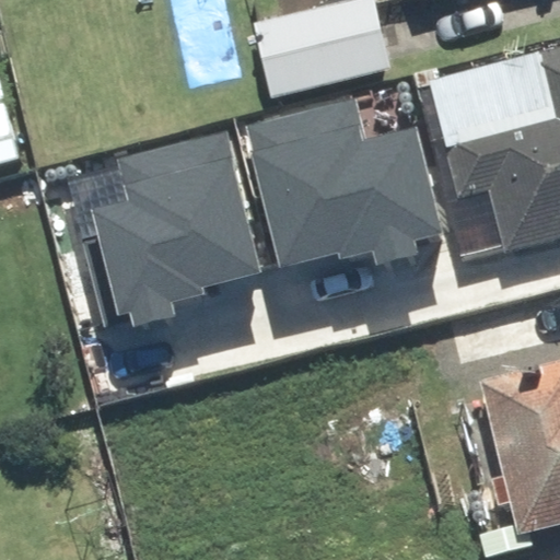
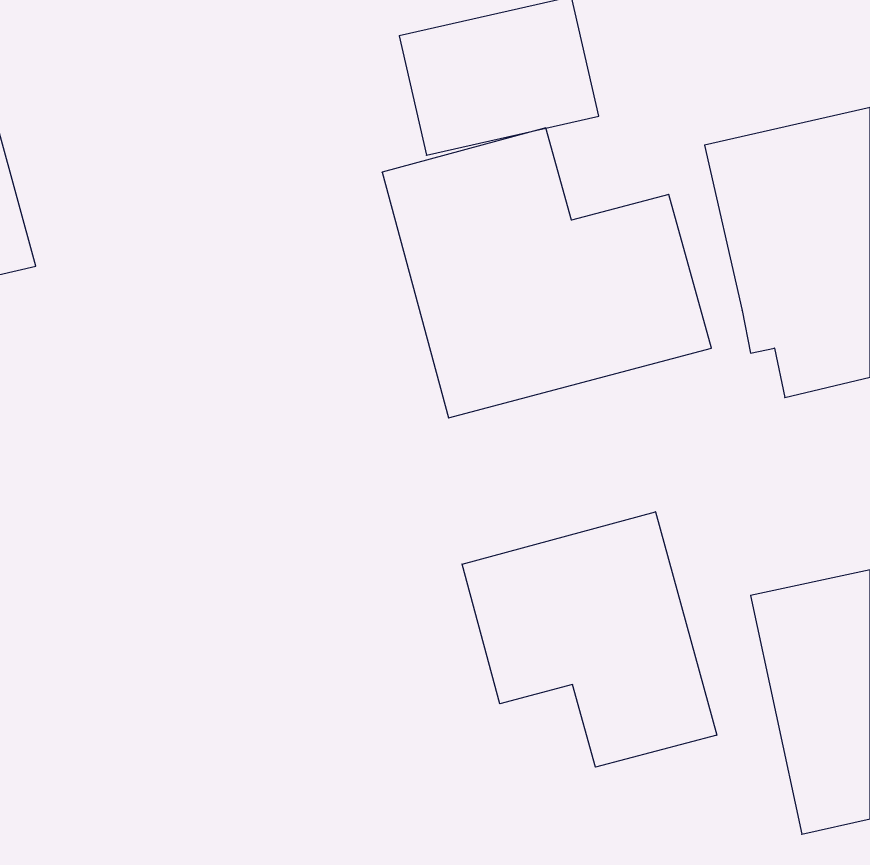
building: [81,120,277,324] -> none
building: none -> [462,512,717,767]

